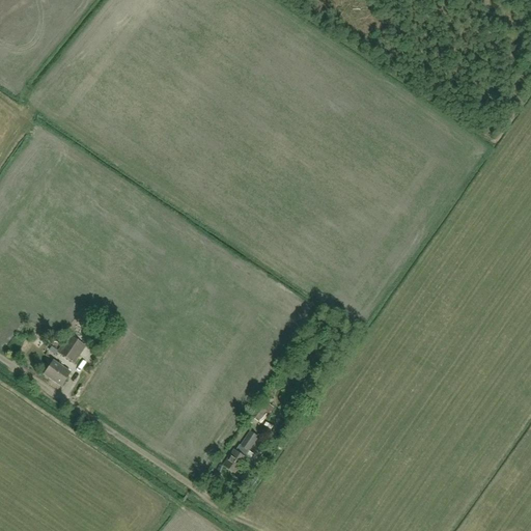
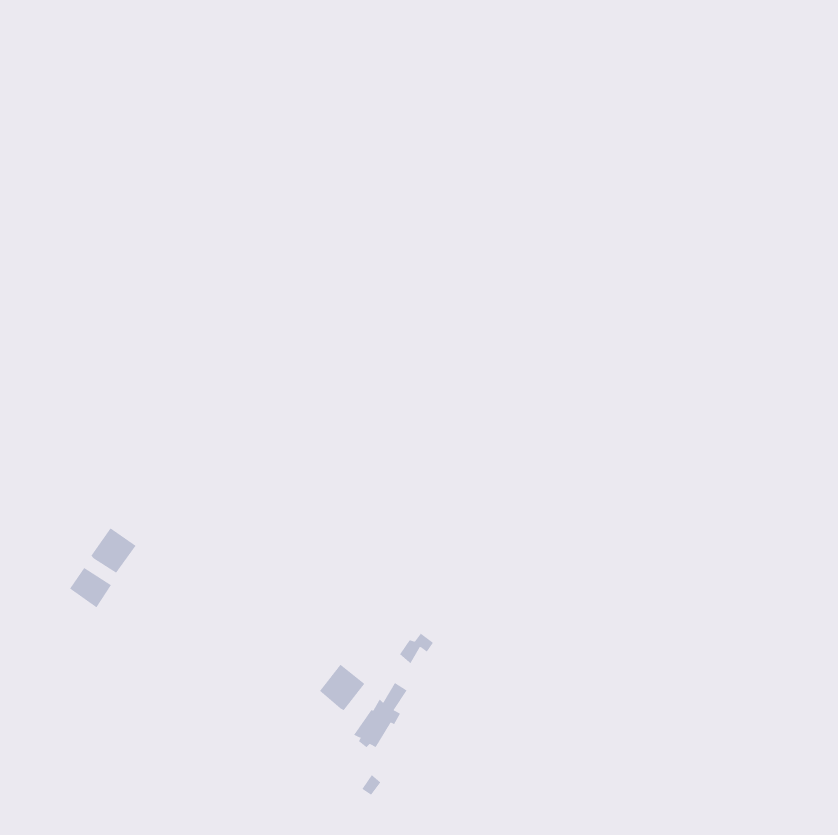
building: none -> [319,664,365,711]

